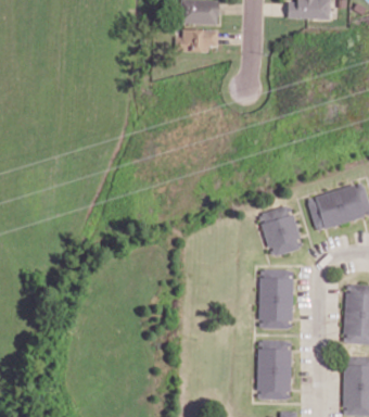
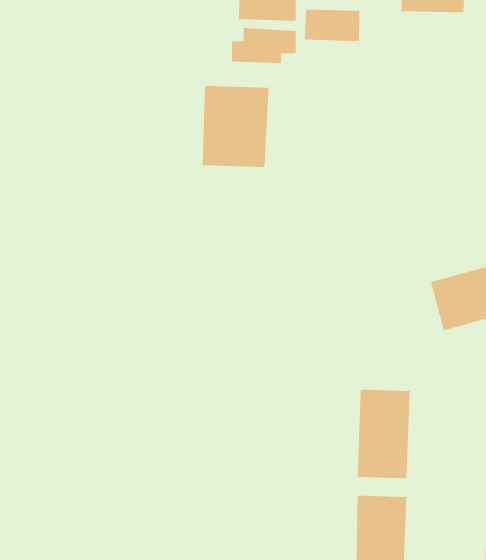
building: none -> [304,9,360,42]
building: none -> [202,85,269,168]
building: [259,205,303,257] -> none

